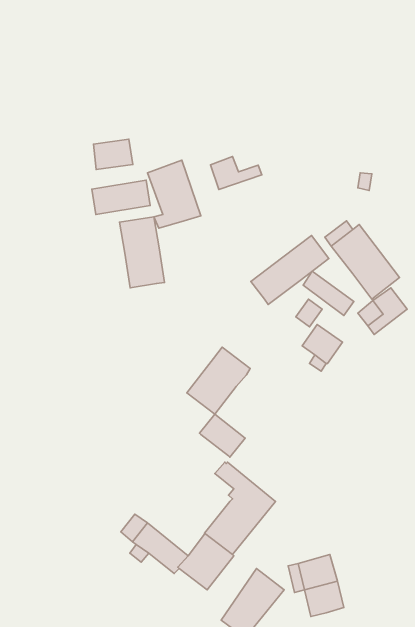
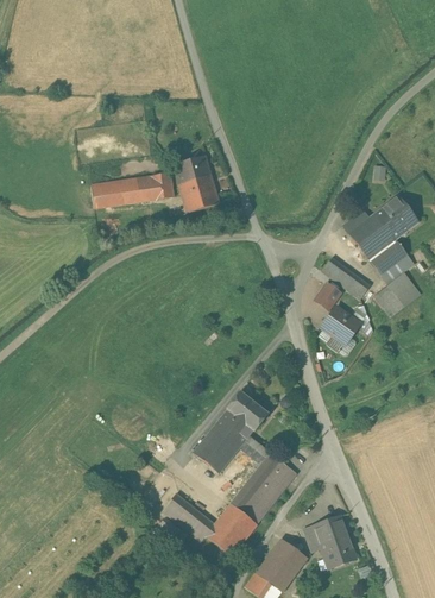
building: [93,139,133,170] -> [90,180,127,208]
building: [210,156,262,189] -> none
building: none -> [374,195,418,239]
building: [119,217,165,288] -> none
building: [251,235,329,305] -> none
building: [187,347,250,414] -> [193,410,252,473]

